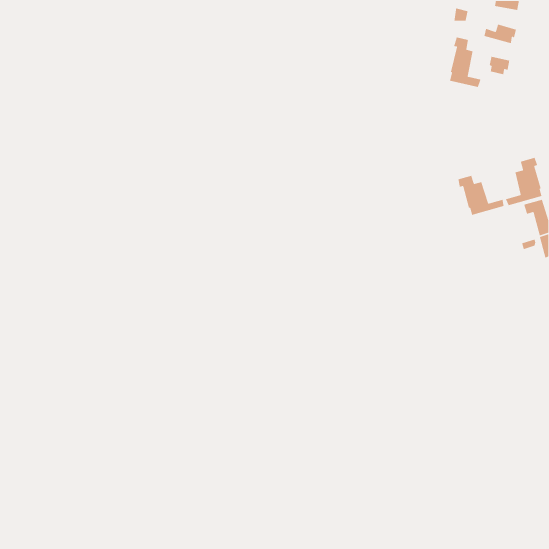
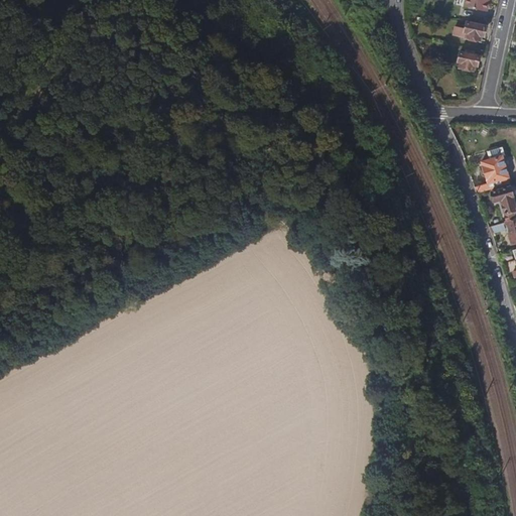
building: [449,37,481,88] -> none
building: [458,175,504,216] -> none

